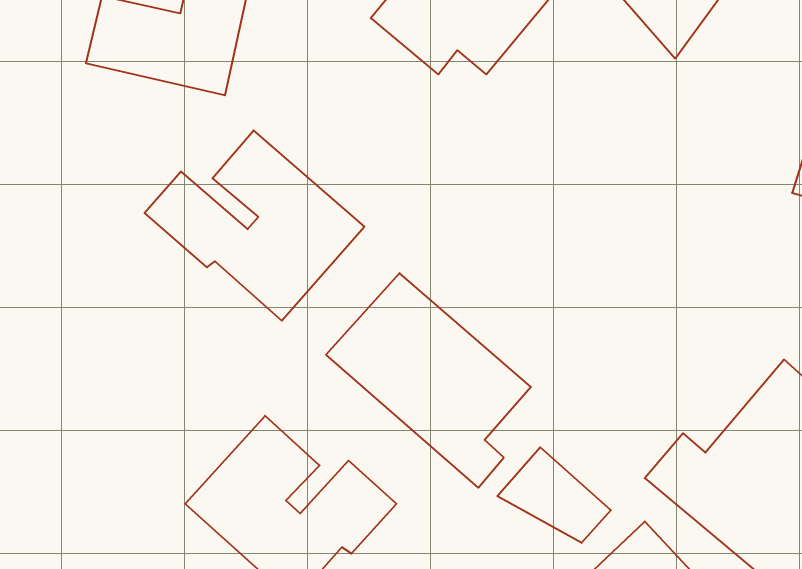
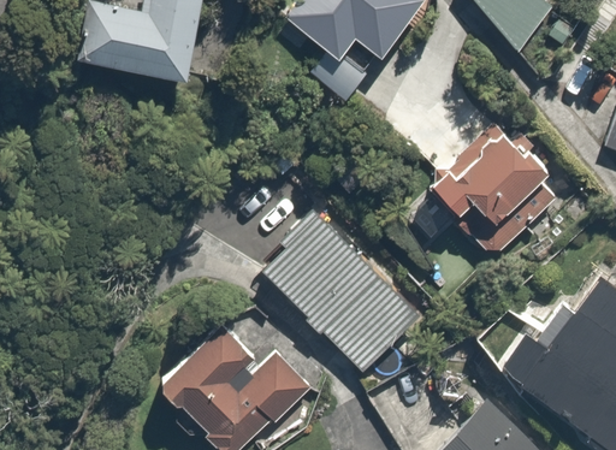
building: [145,130,364,321] -> none
building: none -> [427,119,565,259]
building: [497,447,611,543] -> none

